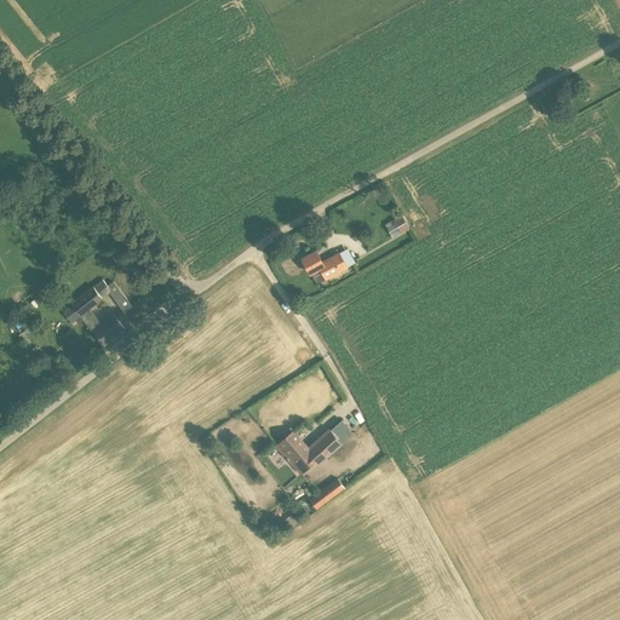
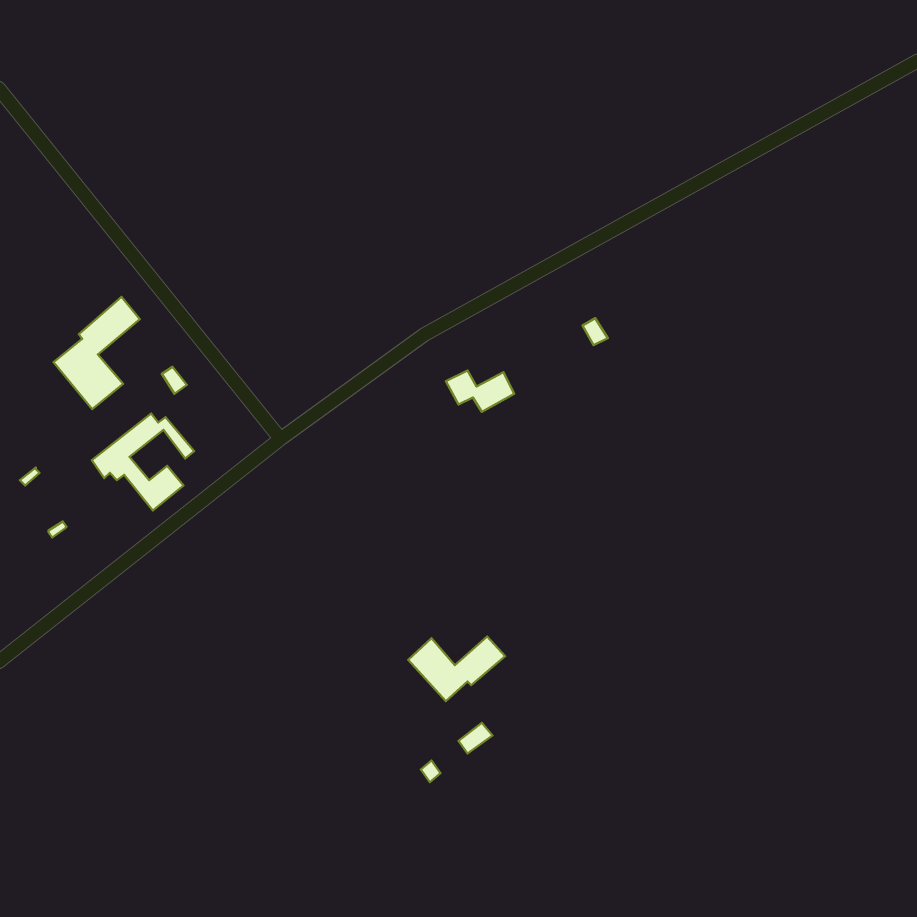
building: none -> [54,297,140,409]

